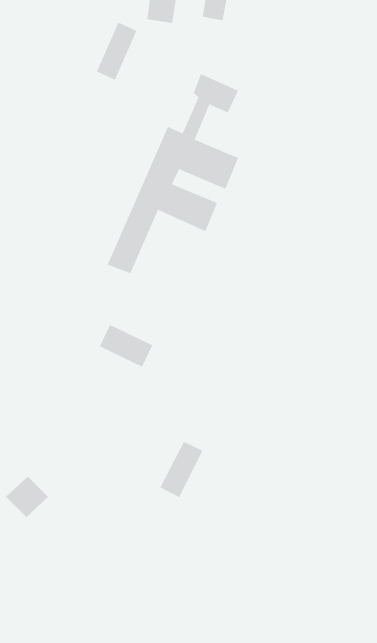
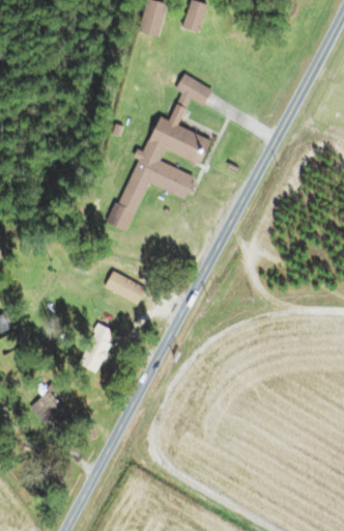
building: [96,22,137,81] -> none
building: [160,441,203,498] -> [81,324,115,368]

